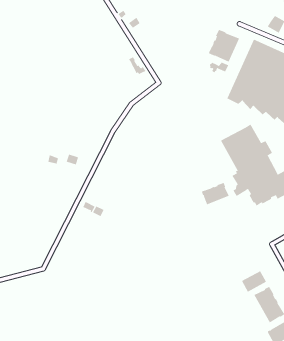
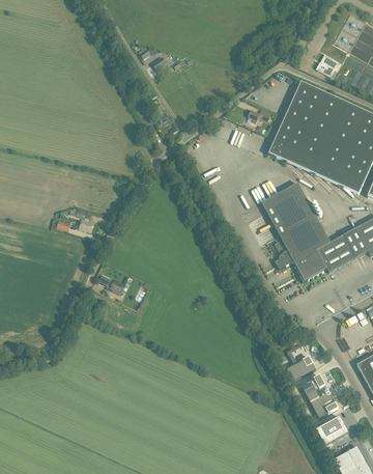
building: [208,29,240,63] -> none
building: [201,182,229,205] -> none

